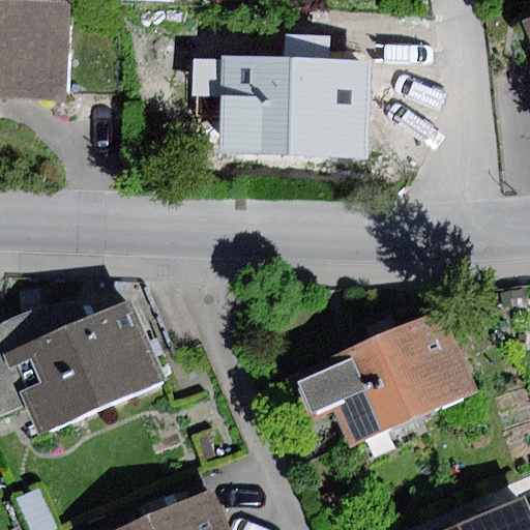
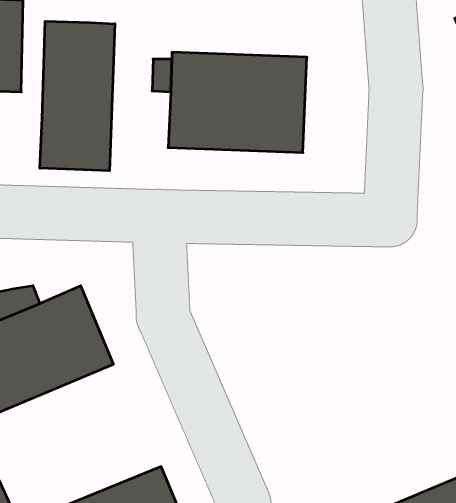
building: none -> [40,21,115,171]
building: [285,307,478,449] -> none

